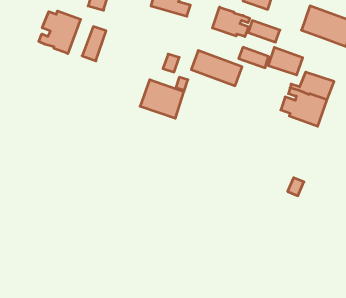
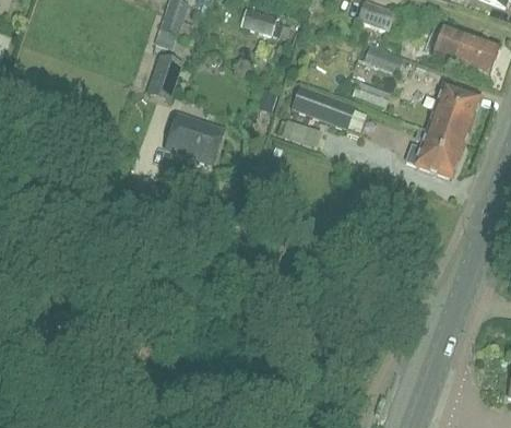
building: [212,7,250,37] -> none
building: [39,11,81,54] -> none
building: [268,47,303,75] -> [436,86,479,121]
building: [140,80,184,118] -> [166,115,222,164]

